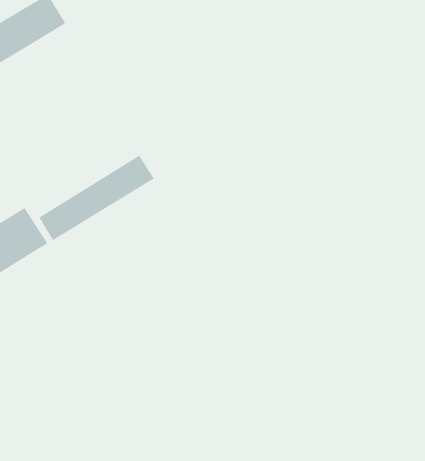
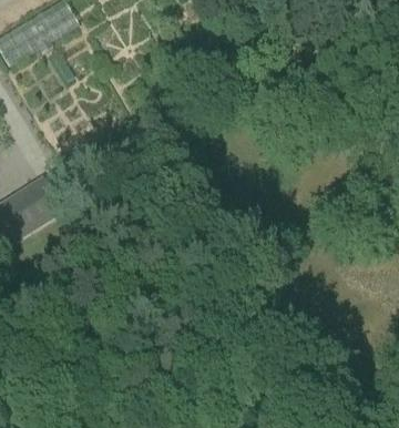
building: [39,154,154,241] -> none

